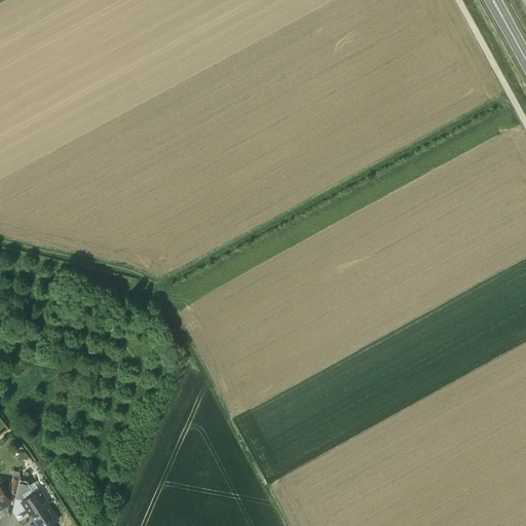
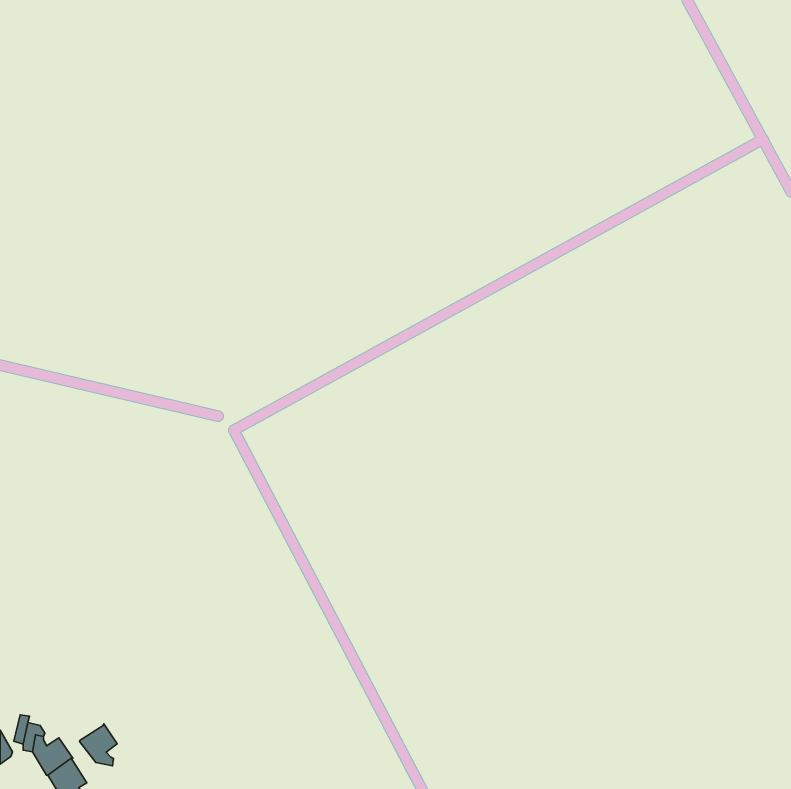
building: none -> [80,724,117,766]

